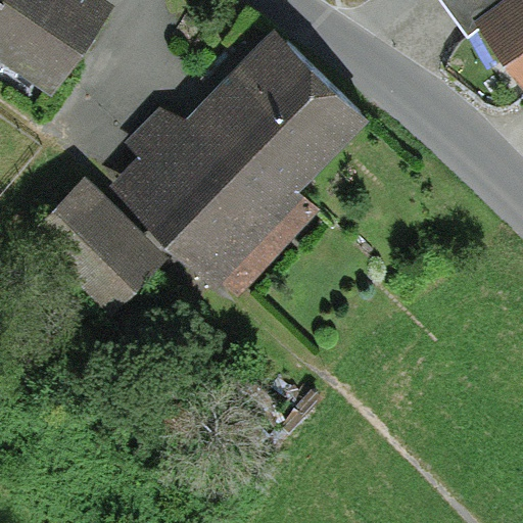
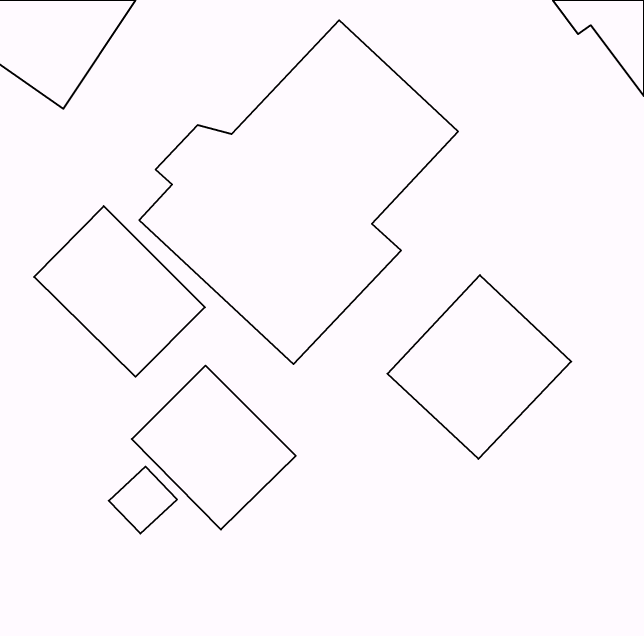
building: none -> [387,275,571,459]
building: none -> [132,366,296,530]

